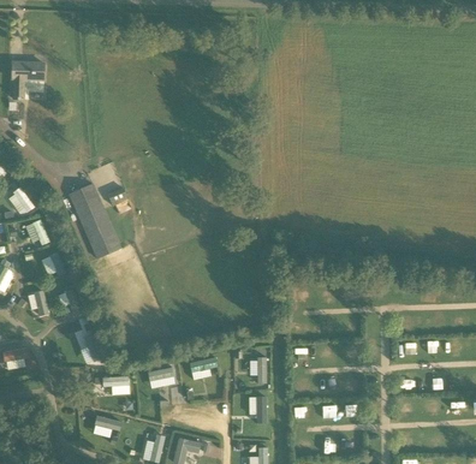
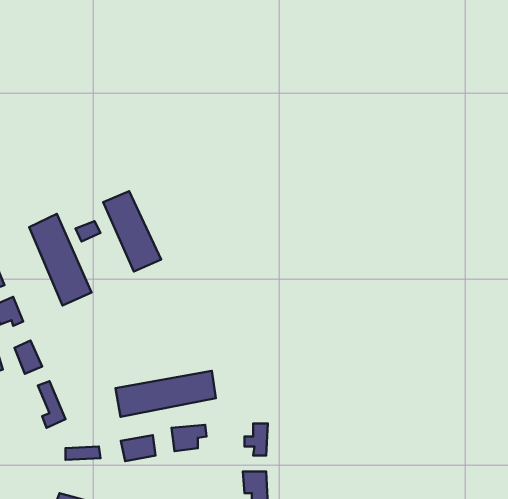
building: none -> [103,191,161,271]
building: none -> [115,371,216,417]

